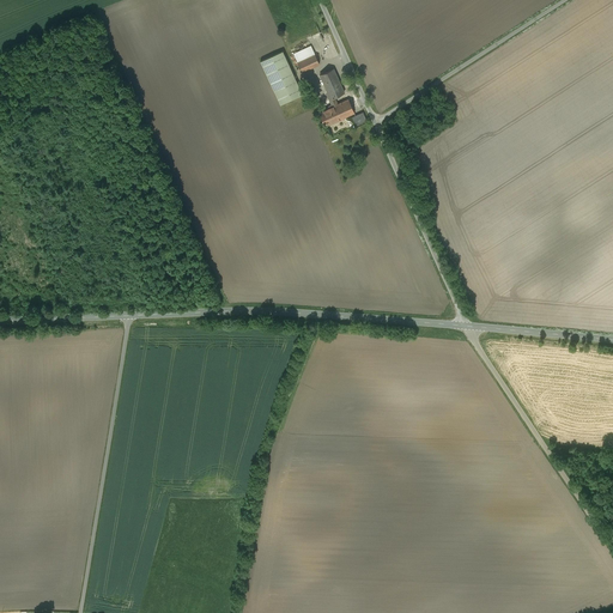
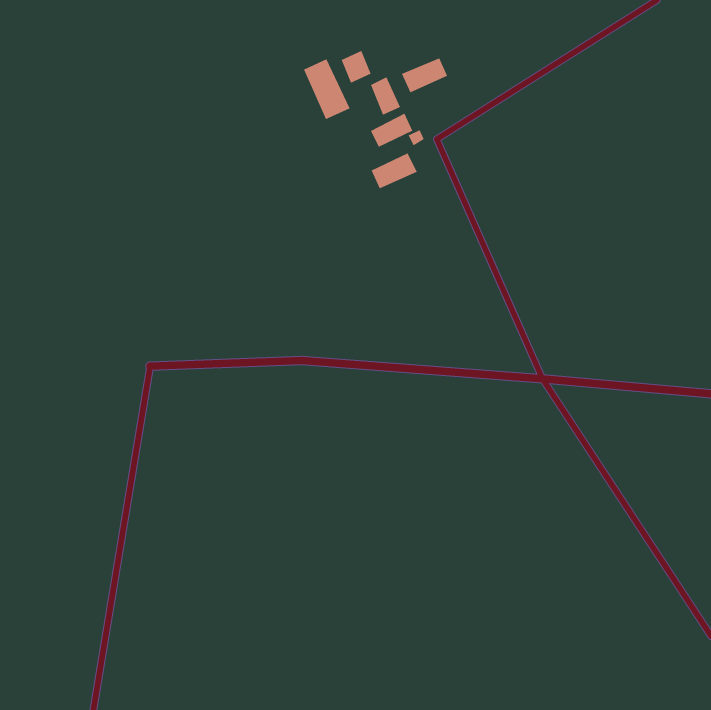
building: none -> [401,58,448,93]
building: none -> [371,152,418,189]

